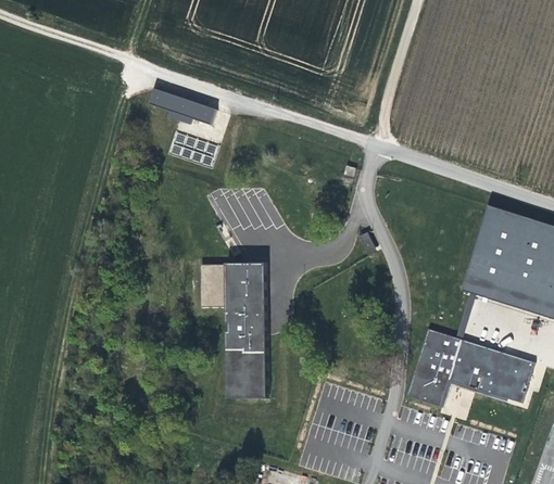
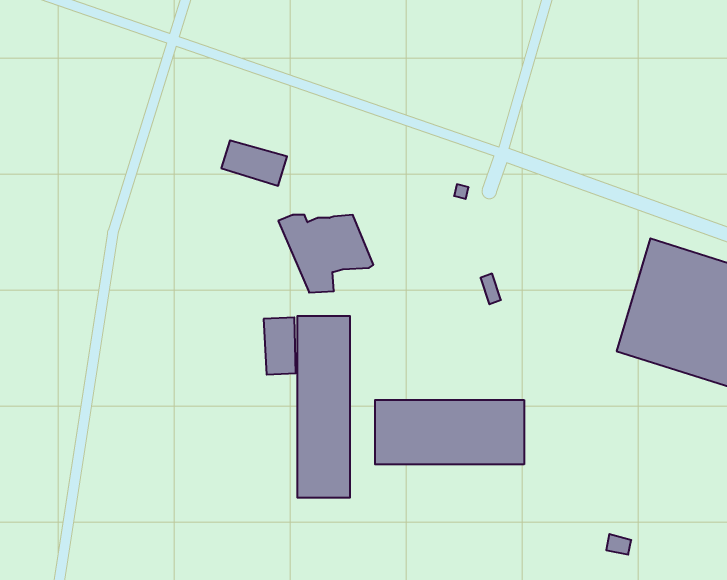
building: [149,89,217,125] -> none
building: none -> [375,400,524,464]
building: [407,329,536,407] -> none

